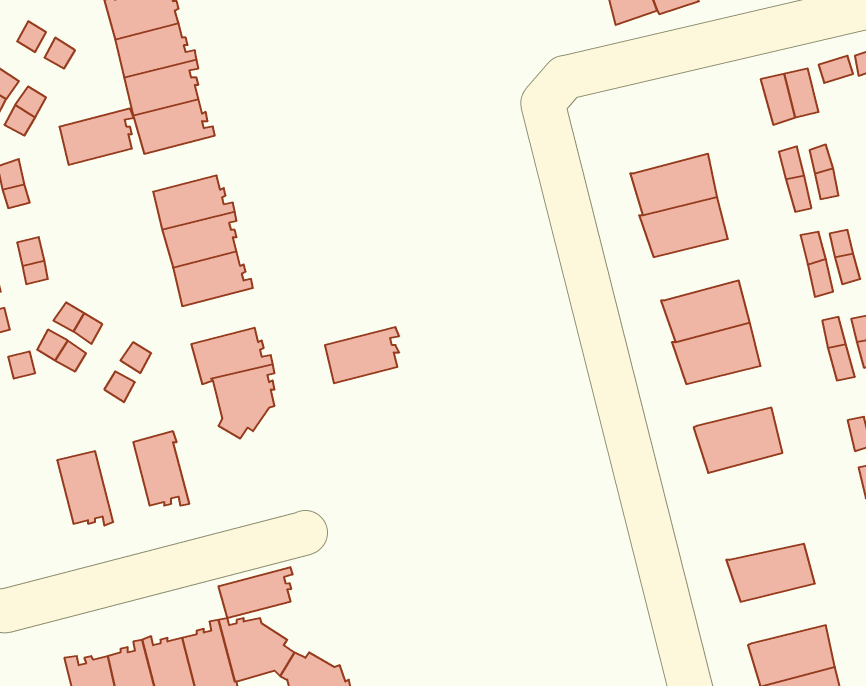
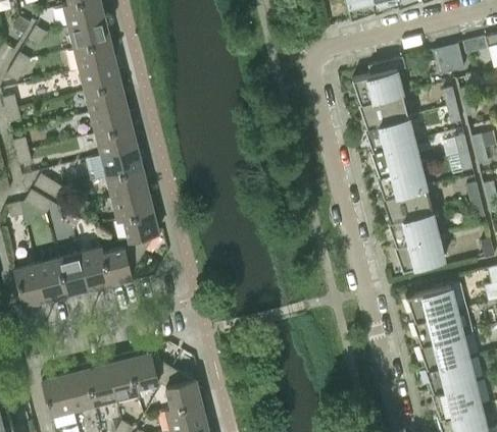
building: none -> [352,57,405,103]
building: [59,109,134,165] -> [85,82,127,113]
building: none -> [369,140,419,174]
building: [325,327,399,383] -> [106,167,148,199]
building: none -> [388,211,438,245]
building: none -> [101,245,139,288]
building: none -> [57,254,88,299]
building: none -> [13,264,45,310]
building: none -> [406,283,466,320]
building: [219,567,293,618] -> none
building: none -> [418,333,468,367]

